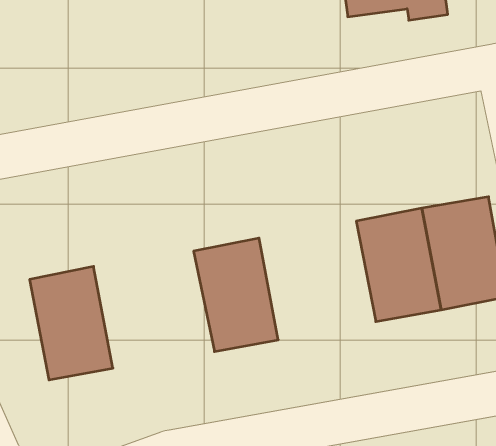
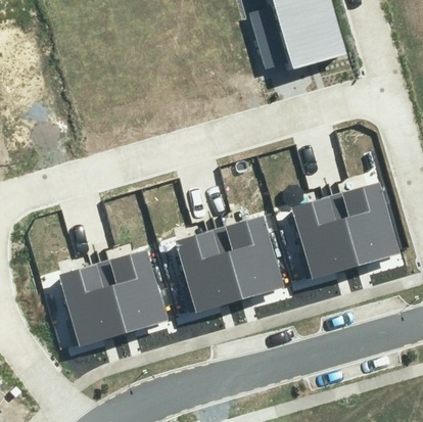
building: none -> [219,216,286,300]
building: none -> [102,248,170,333]

